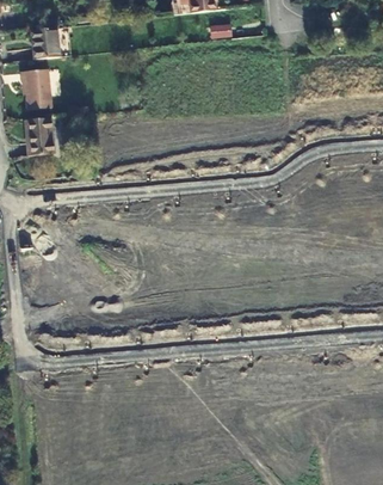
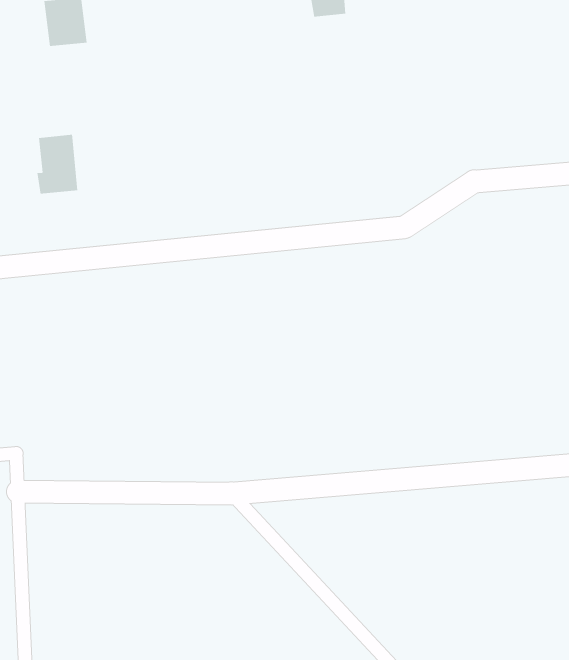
building: [21,69,52,110] -> none

